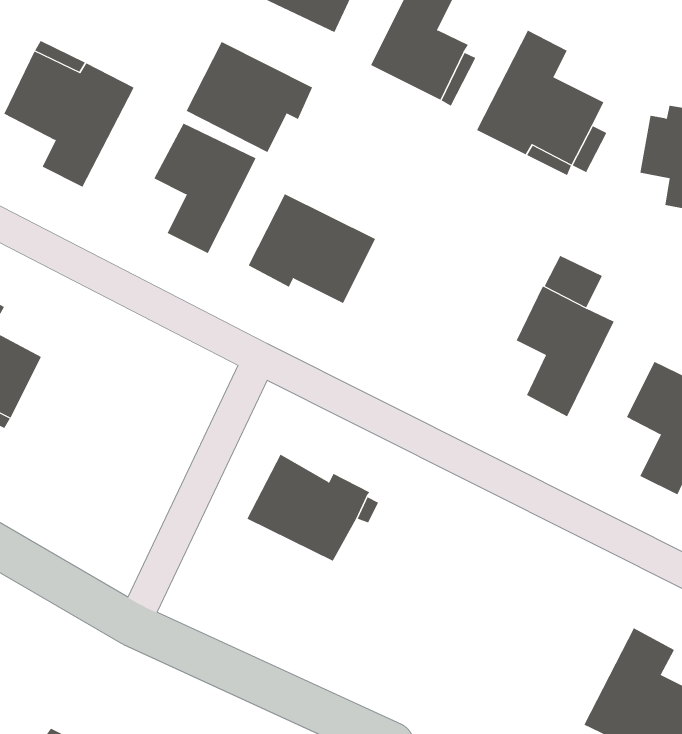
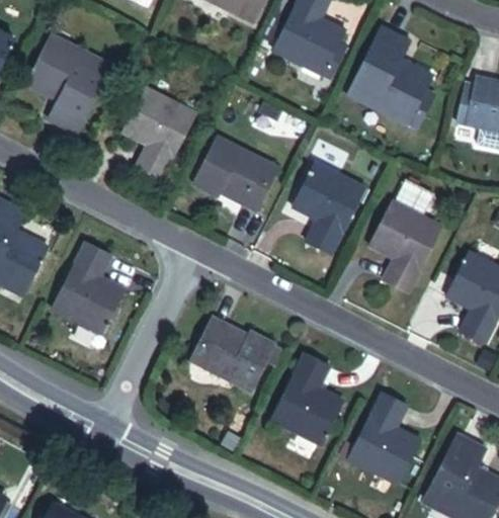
building: [186,41,313,153] -> none
building: none -> [297,161,364,250]
building: none -> [51,243,122,334]
building: none -> [271,353,338,444]
building: none -> [348,393,416,483]

